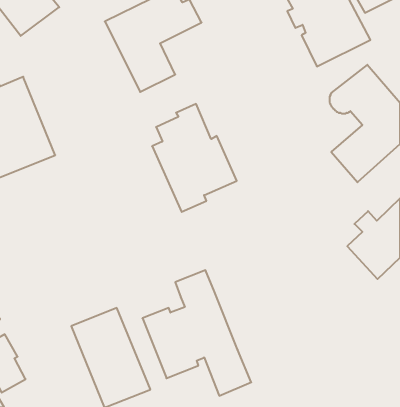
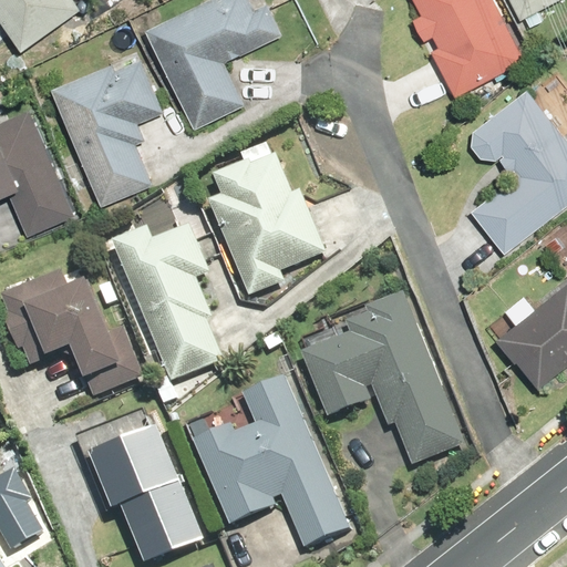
building: none -> [50,53,166,205]
building: none -> [116,226,225,380]
building: none -> [6,266,141,395]
building: none -> [293,295,465,466]

